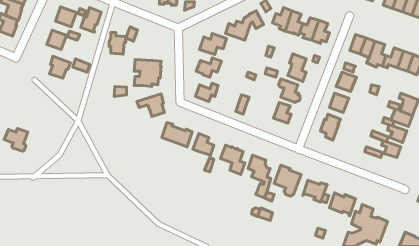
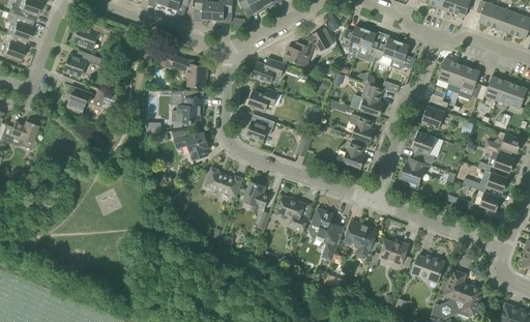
building: [81,8,101,32] -> none
building: [109,32,126,54] -> [186,59,207,86]
building: [4,129,28,151] -> [9,120,38,148]

